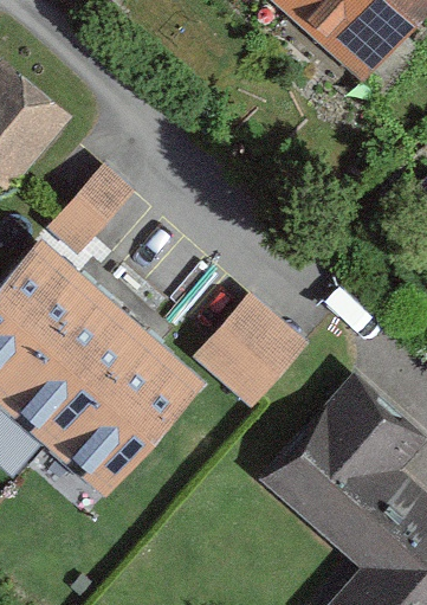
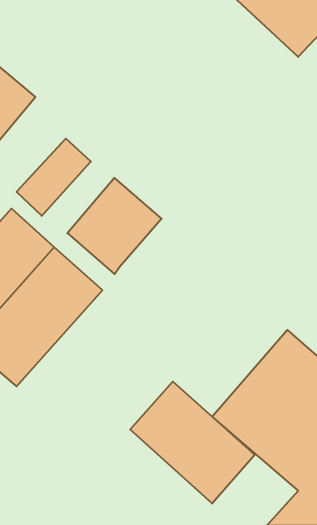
building: [199,294,305,403] -> [67,178,162,274]
building: [47,336,199,495] -> none
building: none -> [130,382,255,504]

